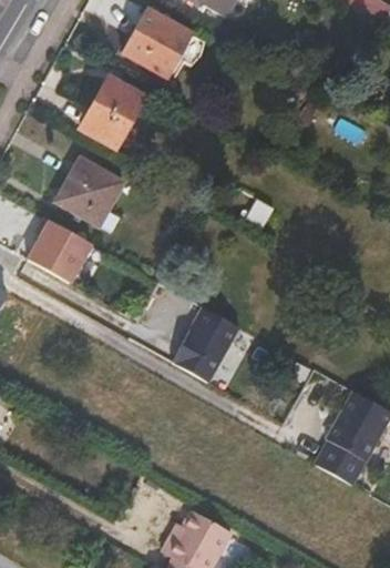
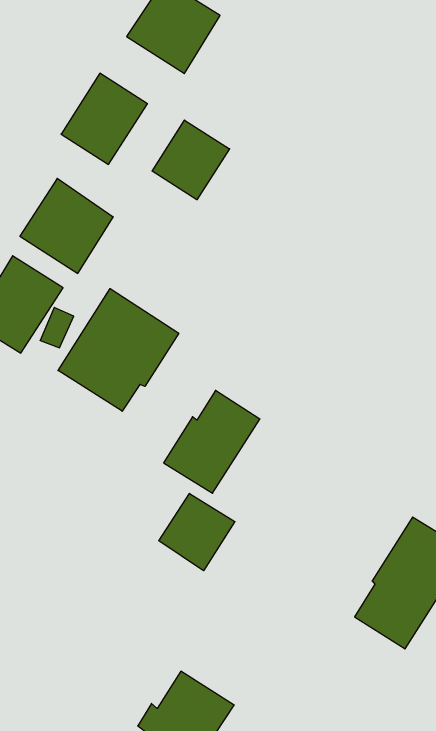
building: none -> [152,120,230,200]
building: none -> [58,289,179,411]
building: none -> [159,493,235,571]

